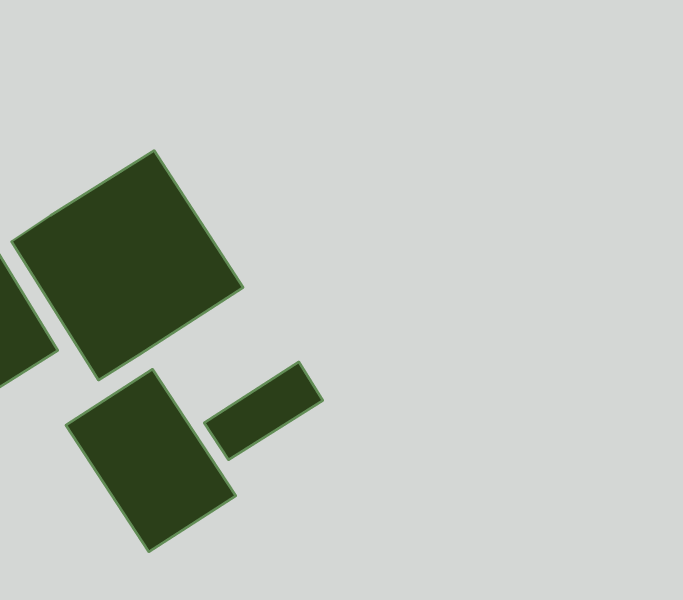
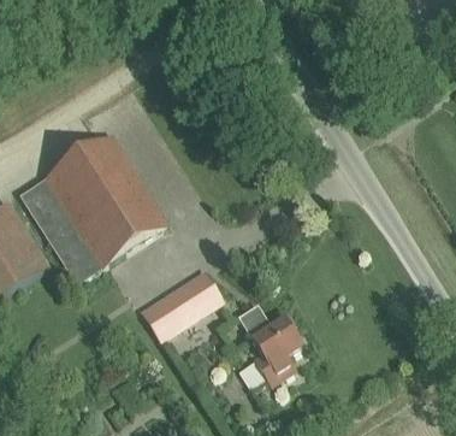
building: [66,369,236,552] -> none
building: none -> [237,305,303,384]

